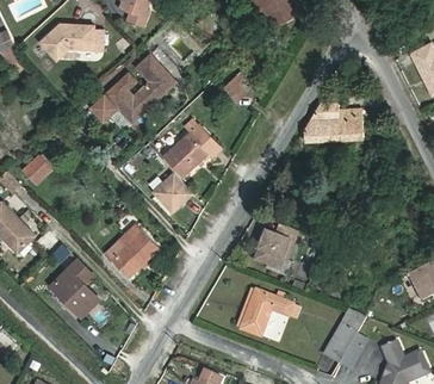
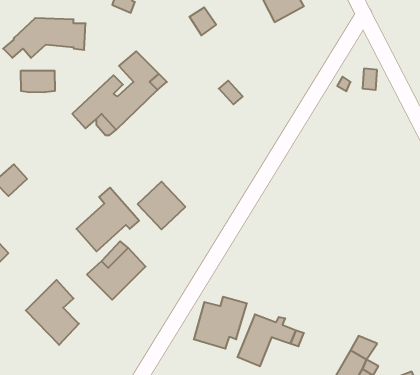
building: none -> [21,71,55,92]
building: [303,103,360,142] -> none
building: [163,119,219,176] -> [76,188,139,251]
building: [248,223,296,270] -> [194,297,247,349]

